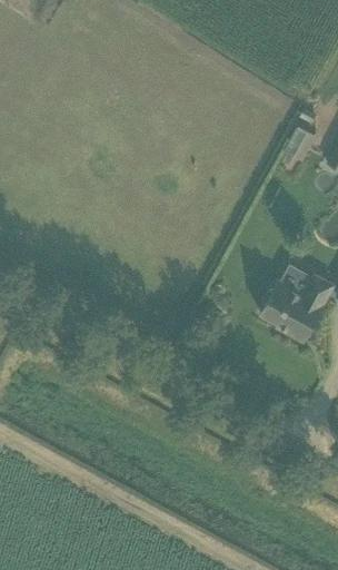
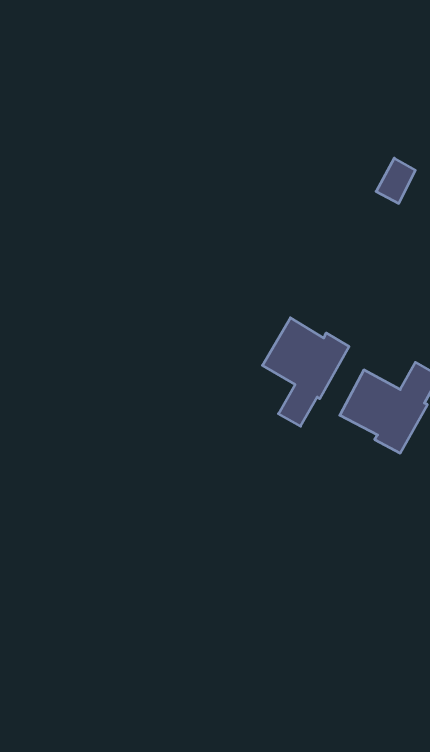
building: none -> [262,318,349,426]

